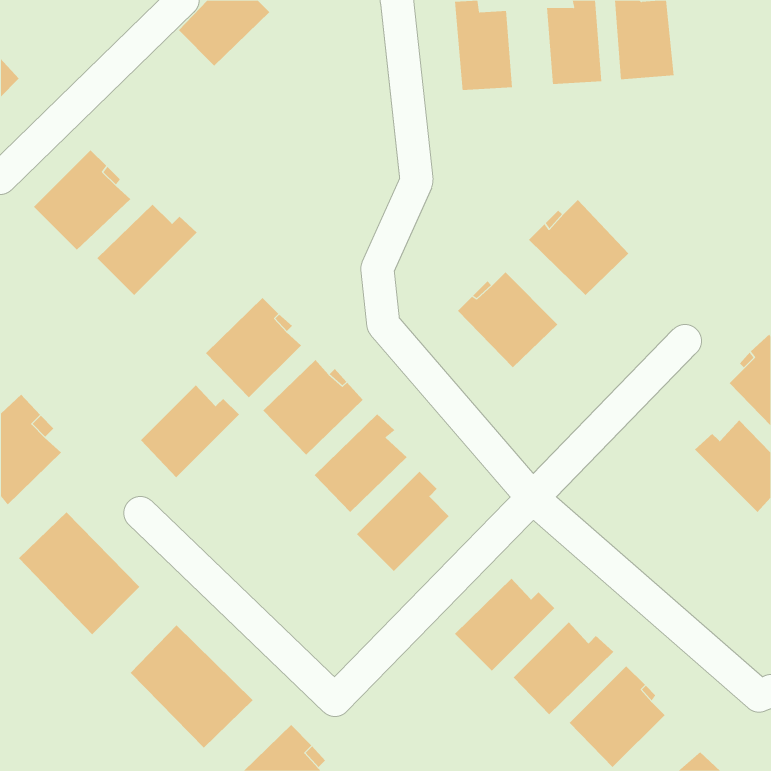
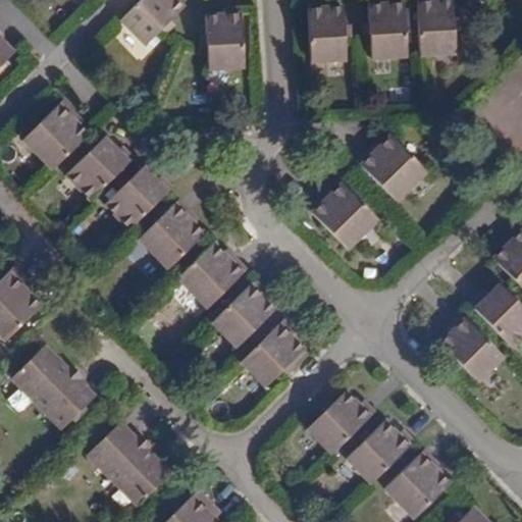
building: none -> [205,7,244,69]
building: [140,384,240,478] -> [105,166,172,229]
building: none -> [439,314,503,381]

